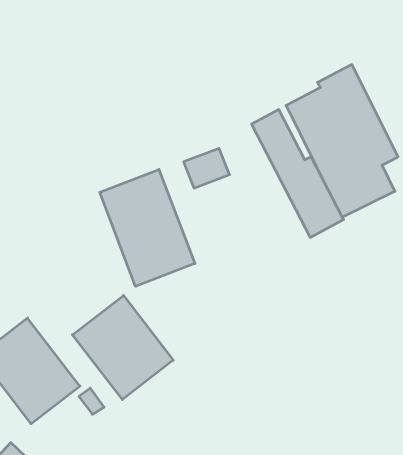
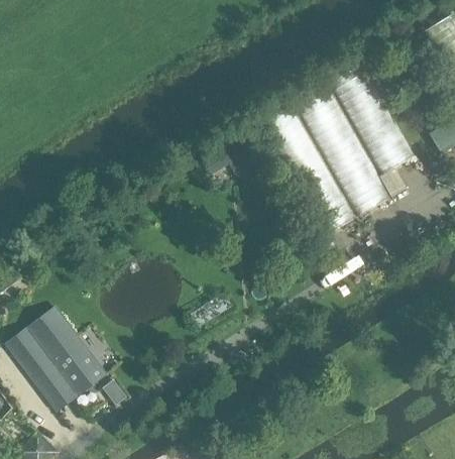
building: [100,169,195,286] -> none
building: [72,295,173,400] -> none

